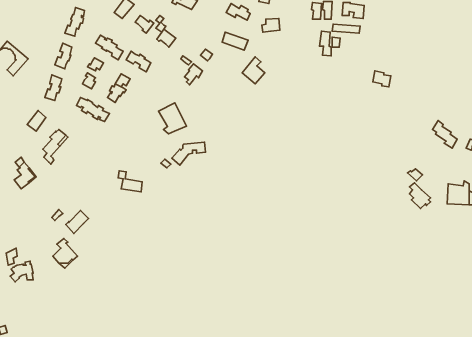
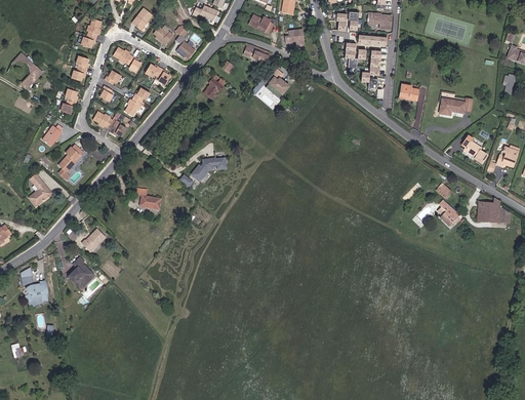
building: none -> [361,51,381,89]
building: none -> [440,98,473,115]
building: [158,103,186,134] -> none

